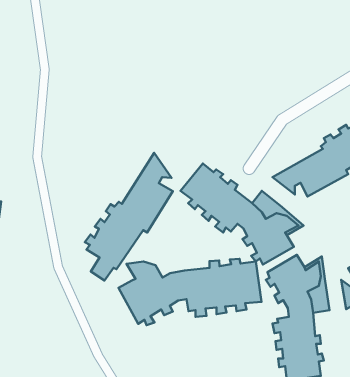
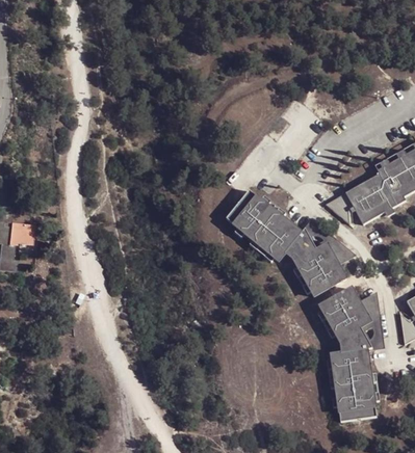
building: [85,153,173,281] -> none
building: [119,259,261,325] -> none

